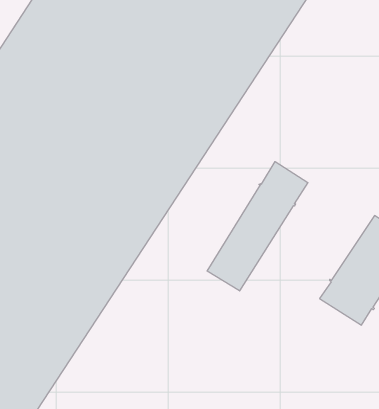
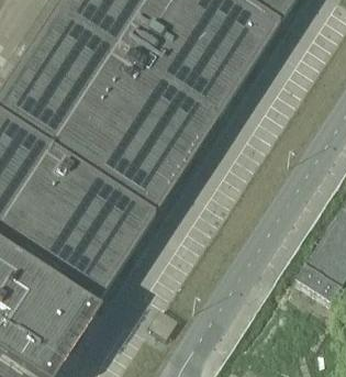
building: [207,162,308,291] -> none

